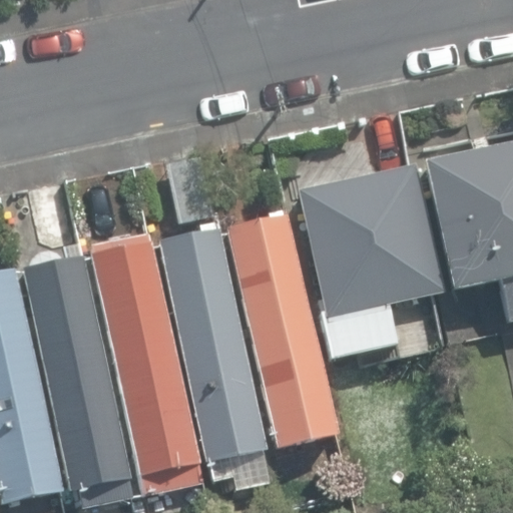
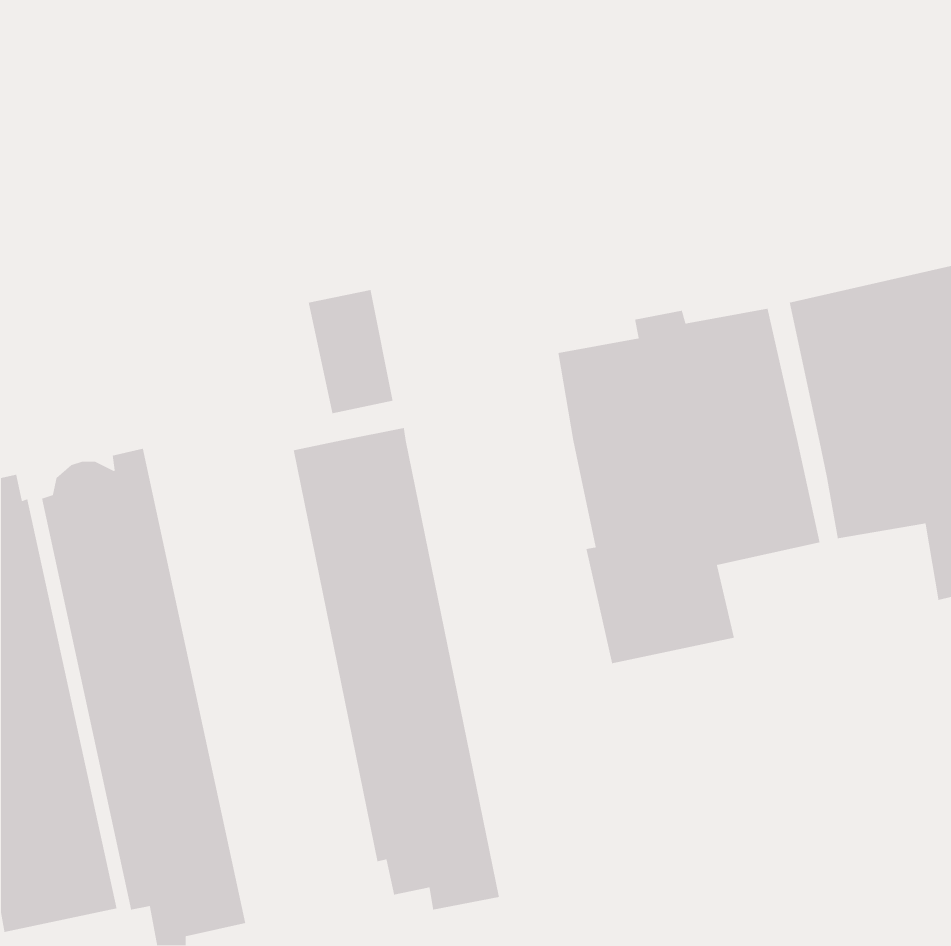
building: [228,213,337,448] -> none
building: [92,231,200,493] -> none

